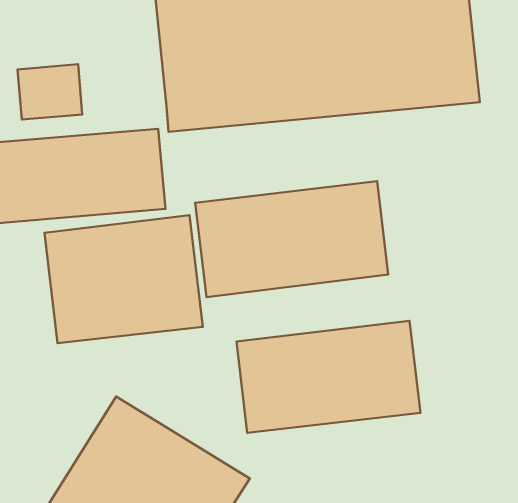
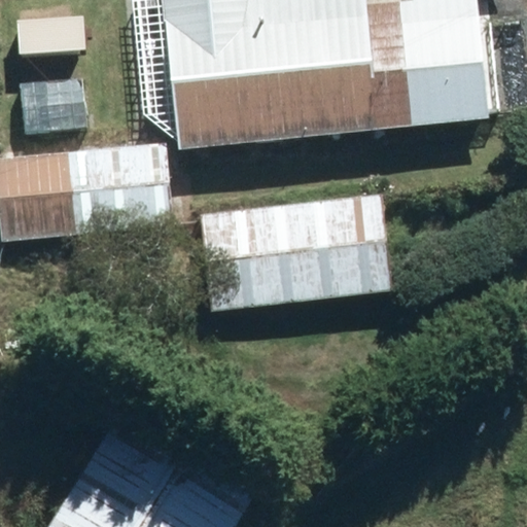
building: [44,215,203,343] -> none
building: [236,321,420,433] -> none

